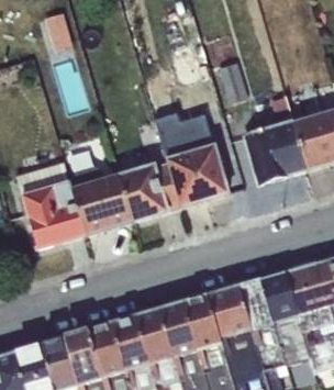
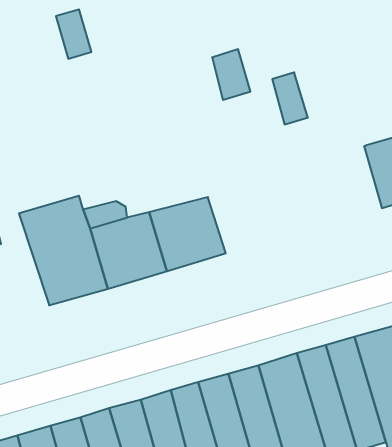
building: [145,80,229,207] -> none
building: [245,121,307,185] -> none

